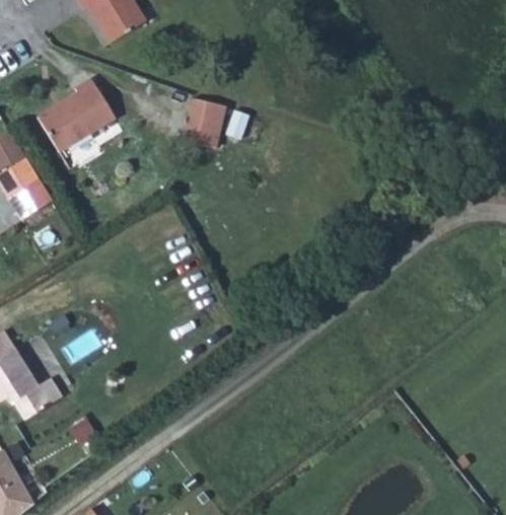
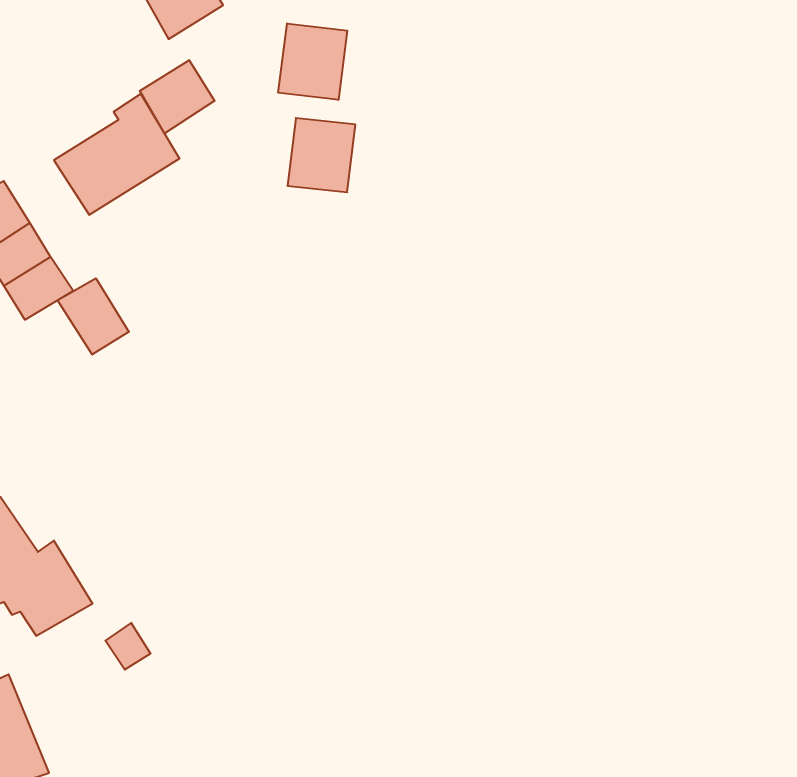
building: none -> [278,23,347,100]
building: none -> [140,60,215,133]
building: none -> [58,278,129,355]

